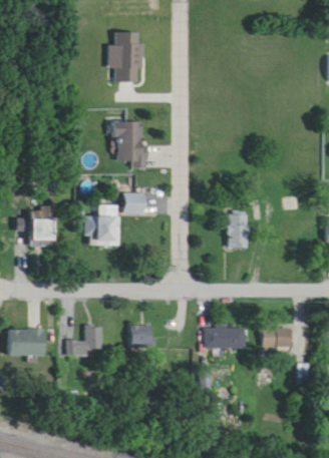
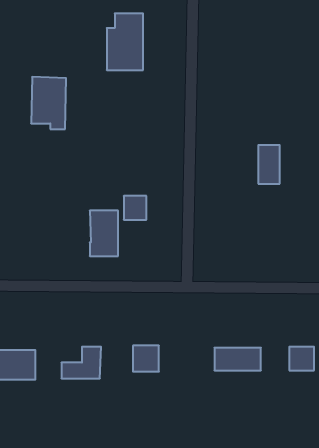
building: [113,120,144,166] -> [31,77,66,129]
building: [229,213,248,248] -> [258,145,280,184]
building: [31,218,52,247] -> none

